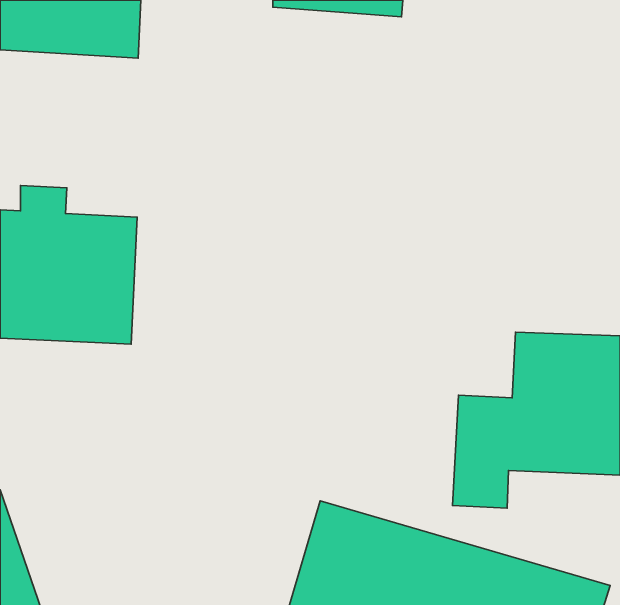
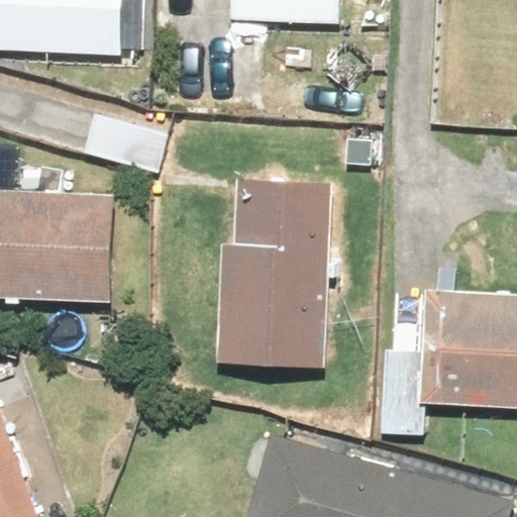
building: none -> [214,174,330,367]

